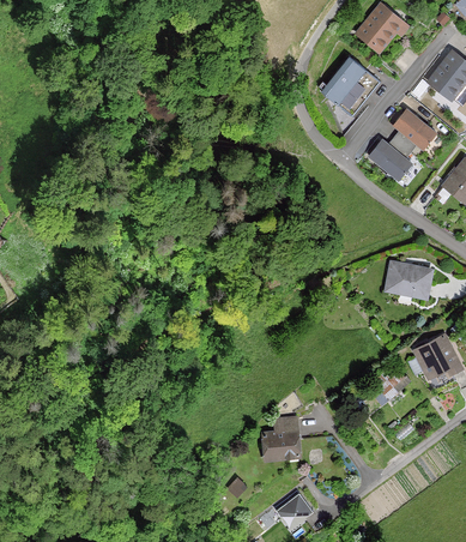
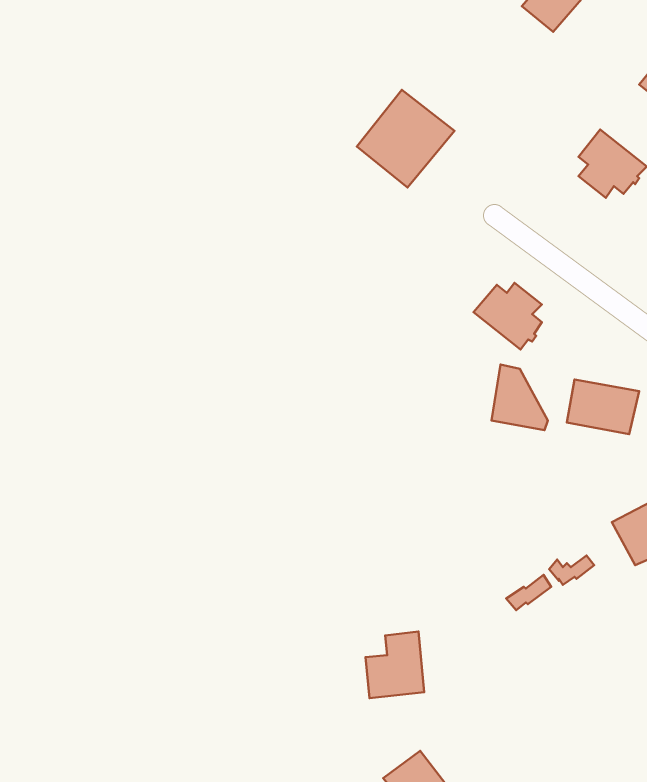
building: [321,56,381,116] -> [357,90,455,188]
building: [369,138,411,179] -> [474,283,542,349]
building: none -> [491,365,548,430]

